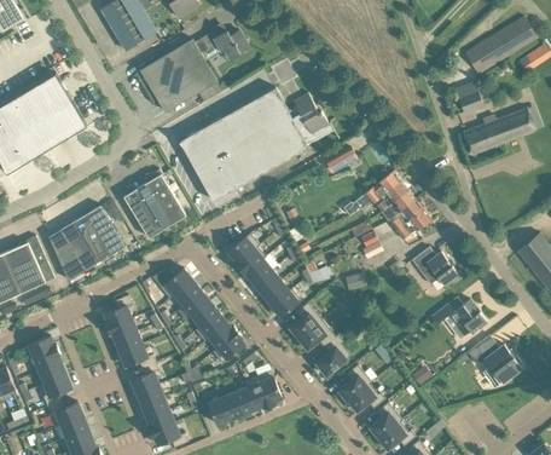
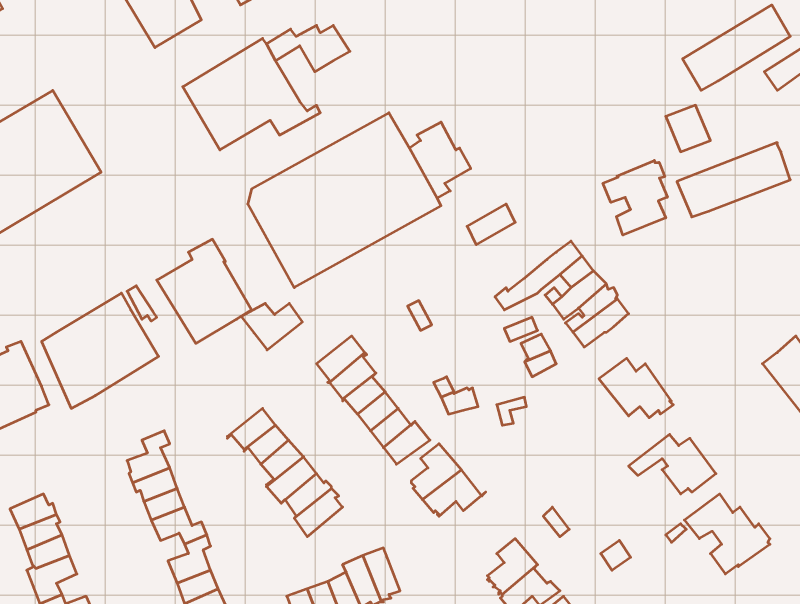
building: none -> [603,160,667,235]
building: [152,269,192,299] -> [241,303,302,350]
building: [315,335,350,376] -> none

